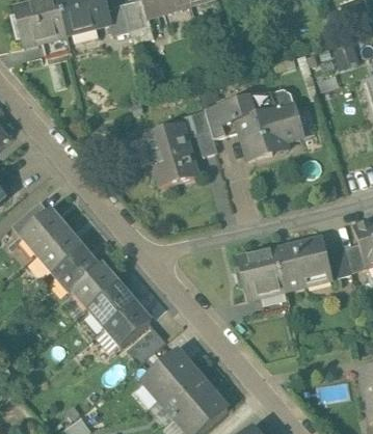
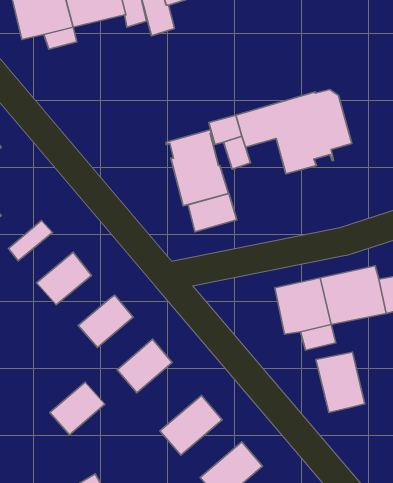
building: none -> [188,193,237,232]
building: [20,209,66,252] -> none
building: [52,246,99,291] -> none
building: [87,281,134,326] -> [50,382,105,435]
building: none -> [316,352,365,412]
building: [127,325,166,362] -> none
building: [158,369,210,417] -> none

